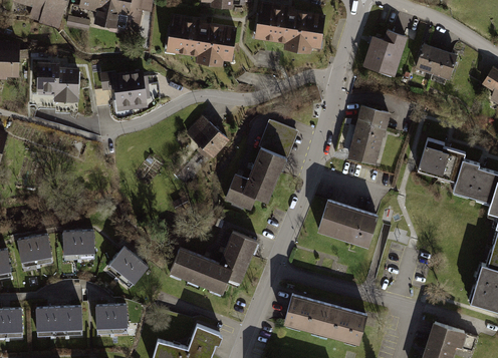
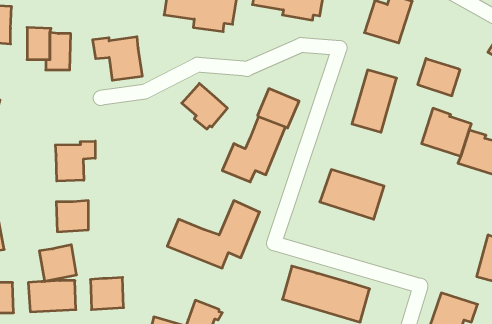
building: [416,43,457,79] -> [418,58,460,96]
building: none -> [55,141,95,181]
building: [17,233,53,268] -> [39,245,77,281]
building: [106,246,149,288] -> none

